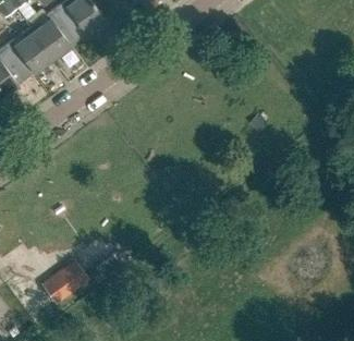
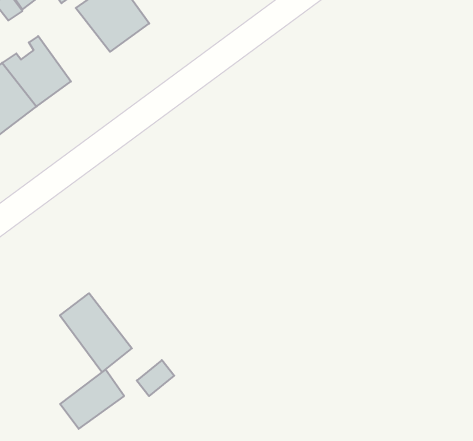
building: [28,10,78,61] -> none
building: none -> [60,293,132,372]

